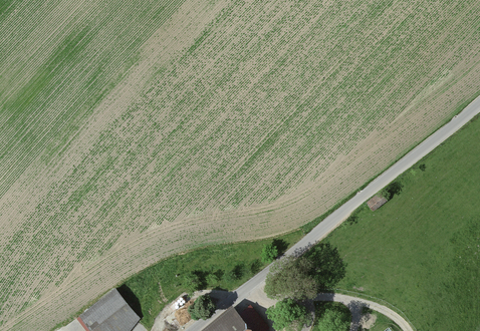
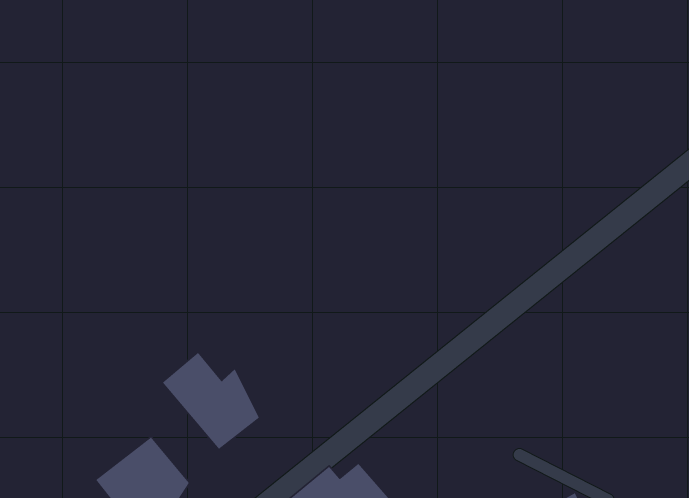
building: none -> [162,352,260,450]

